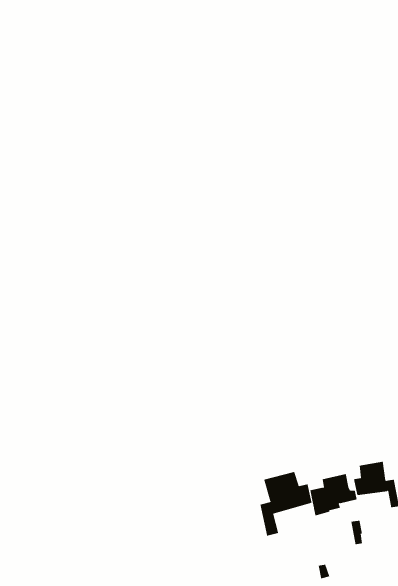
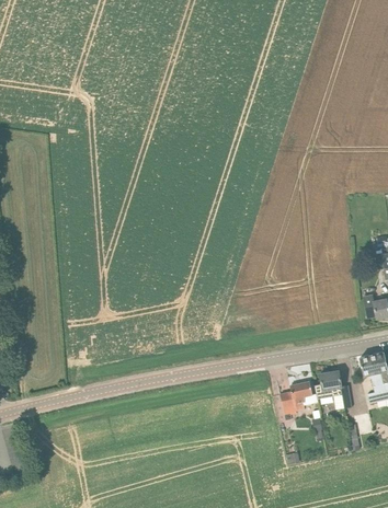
building: [260,471,313,537] -> none

